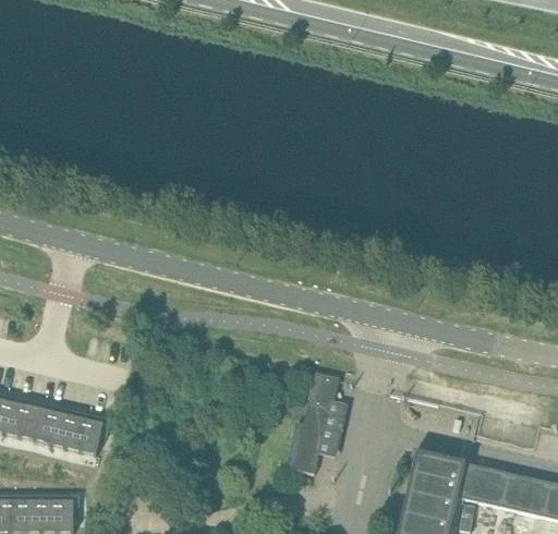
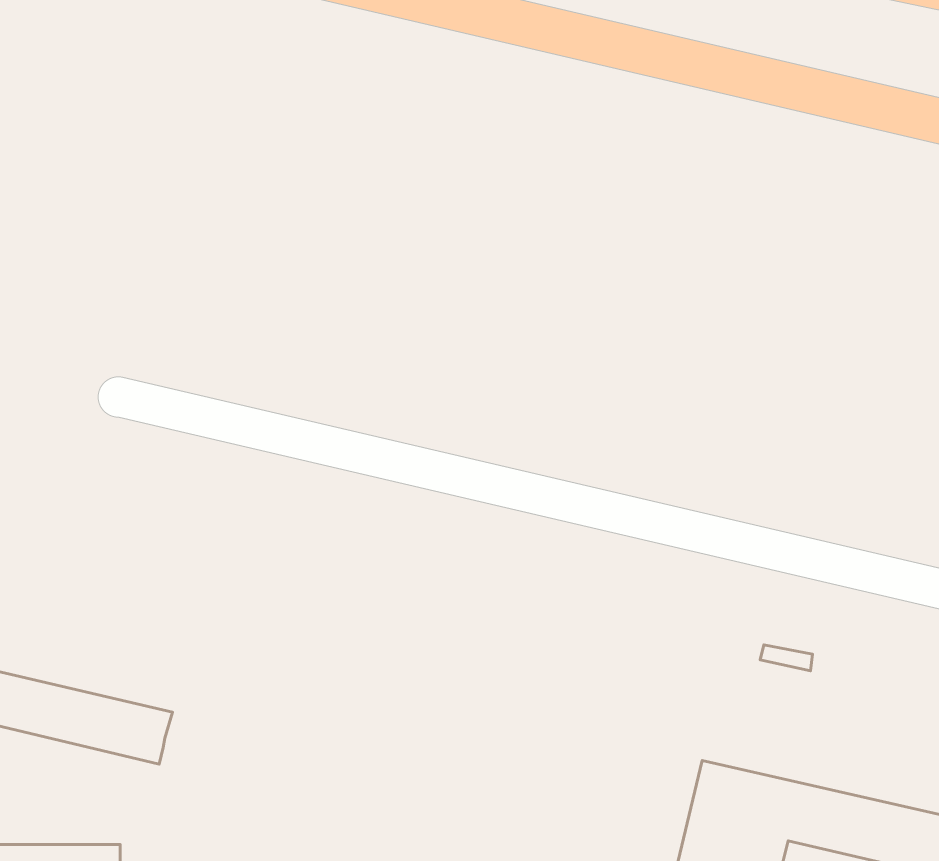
building: [289,377,337,474] -> none

